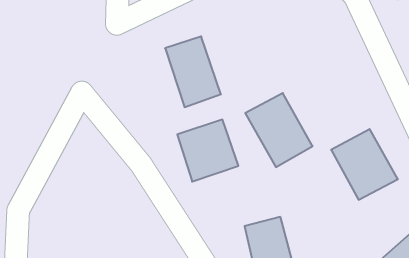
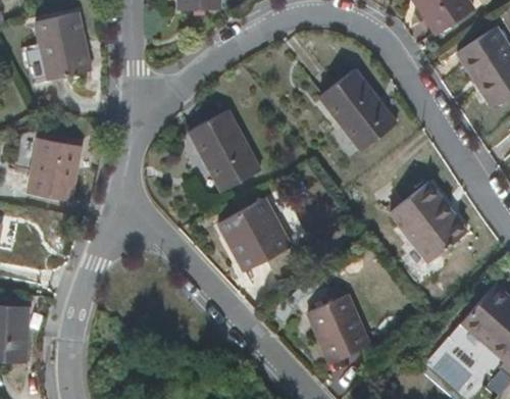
building: none -> [26,138,81,201]
building: [245,93,313,167] -> [318,68,398,151]

